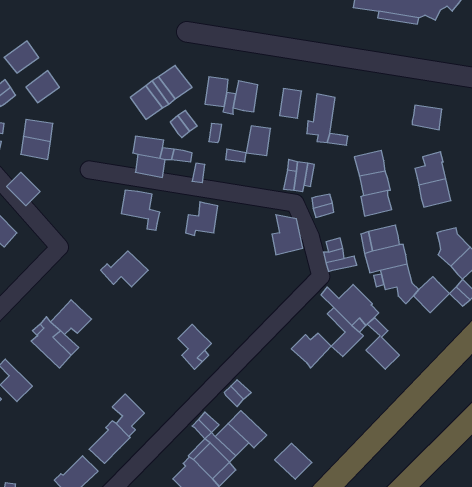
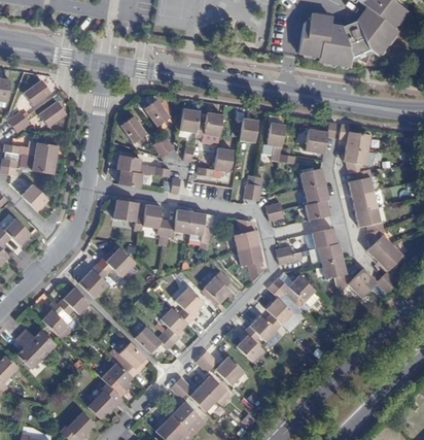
building: none -> [305,121,337,154]
building: none -> [343,146,375,173]
building: none -> [142,204,167,233]
building: none -> [355,207,383,232]
building: none -> [187,211,211,248]
building: none -> [237,245,263,282]
building: none -> [77,263,107,298]
building: none -> [203,270,231,303]
building: none -> [173,285,203,324]
building: [366,318,399,369] -> [266,282,292,324]
building: none -> [134,326,172,352]
building: none -> [238,326,264,363]
building: none -> [21,329,55,356]
building: none -> [108,341,145,377]
building: [275,443,312,479] -> [214,356,244,384]

